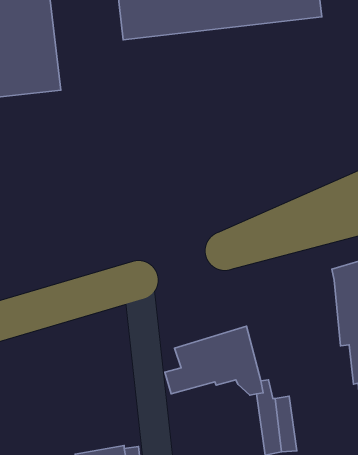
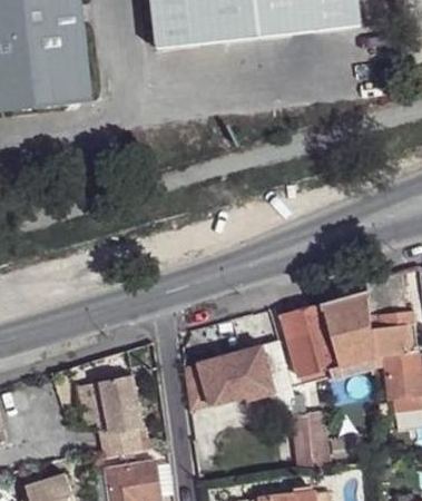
building: none -> [282,293,375,377]
building: none -> [101,376,144,456]

